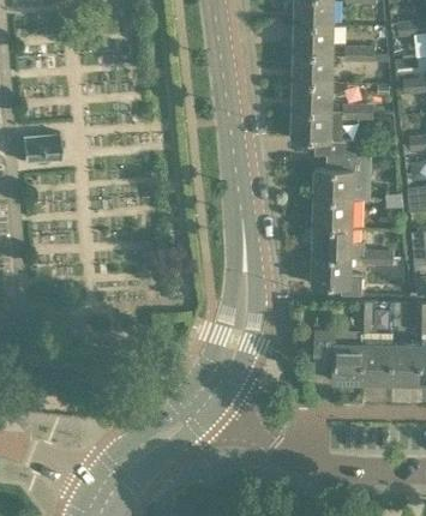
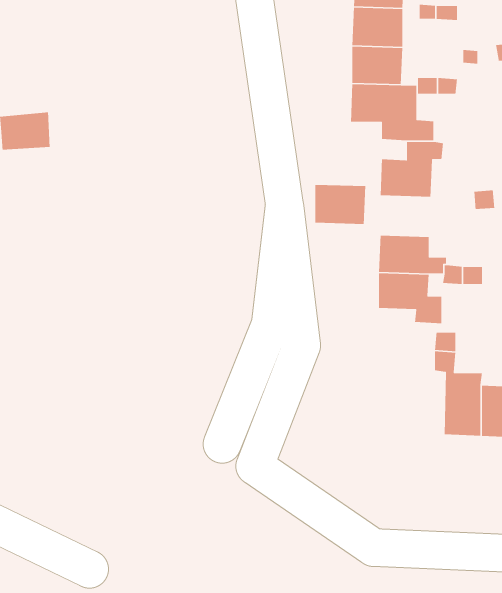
building: [313,199,353,230] -> [315,184,366,225]
building: [317,334,364,383] -> none

